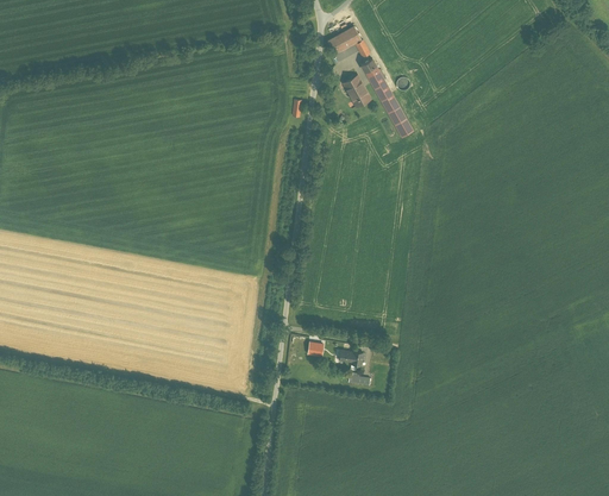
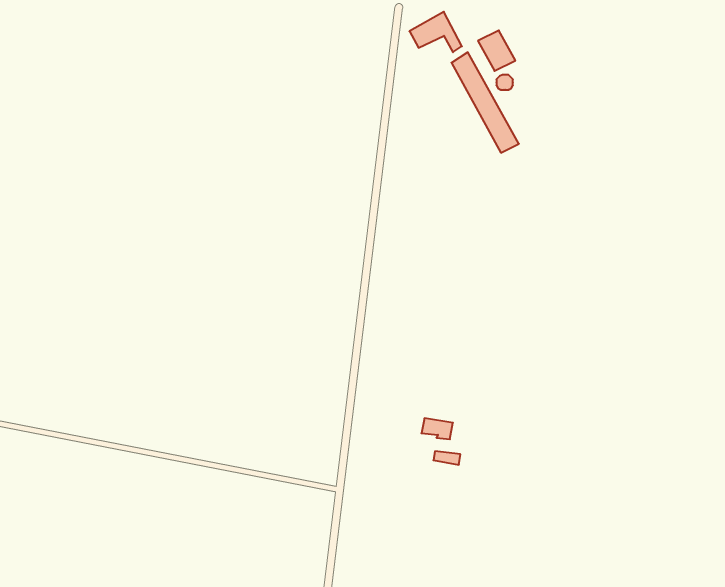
building: [341,75,371,107] -> [478,30,515,71]

